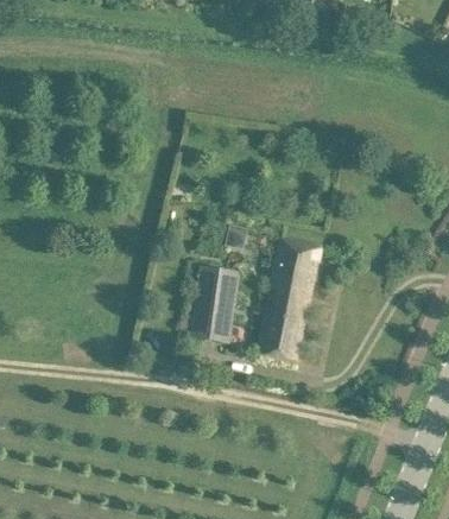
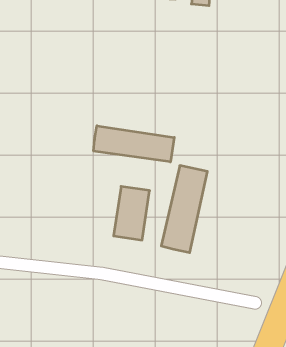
building: none -> [94,126,174,162]

